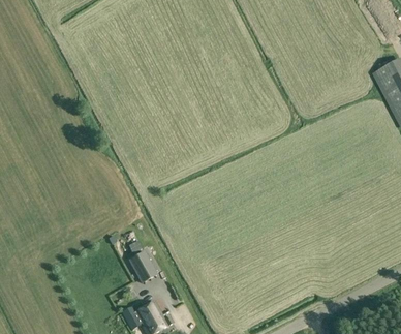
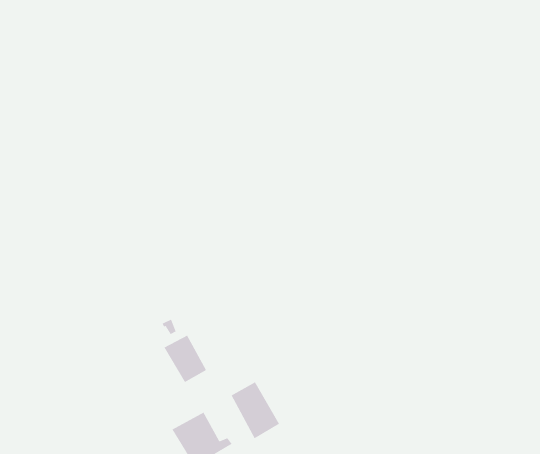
building: none -> [231,382,280,439]

